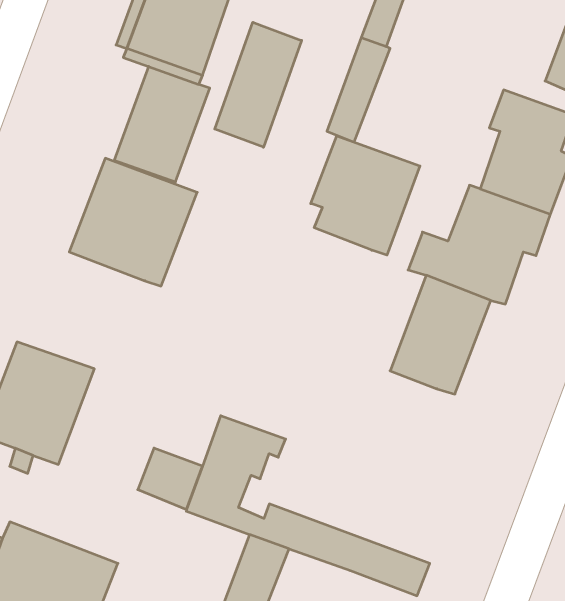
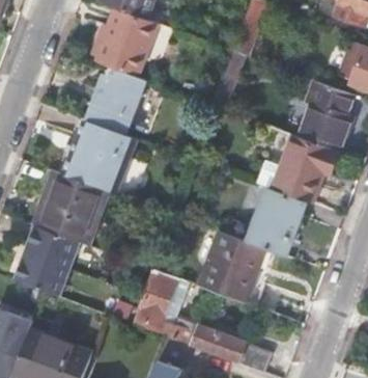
building: [215,22,302,147] -> none
building: [311,136,420,255] -> none
building: none -> [34,168,108,245]
building: none -> [199,232,276,306]

